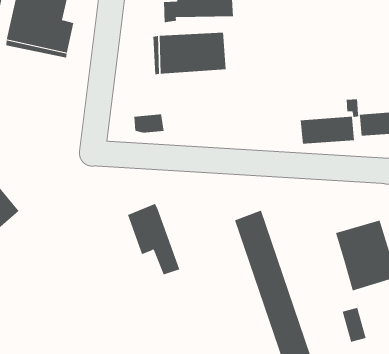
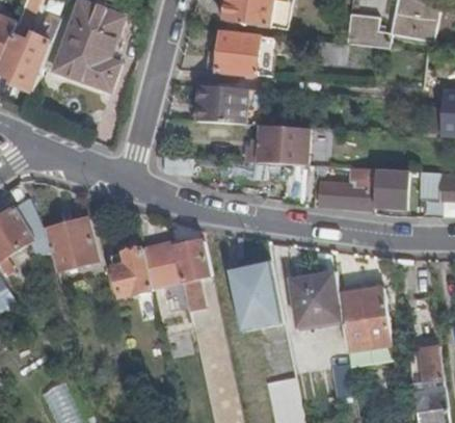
building: none -> [244,125,310,165]
building: none -> [45,218,97,271]
building: none -> [175,241,211,310]
building: none -> [284,272,342,327]
building: none -> [112,248,154,296]

